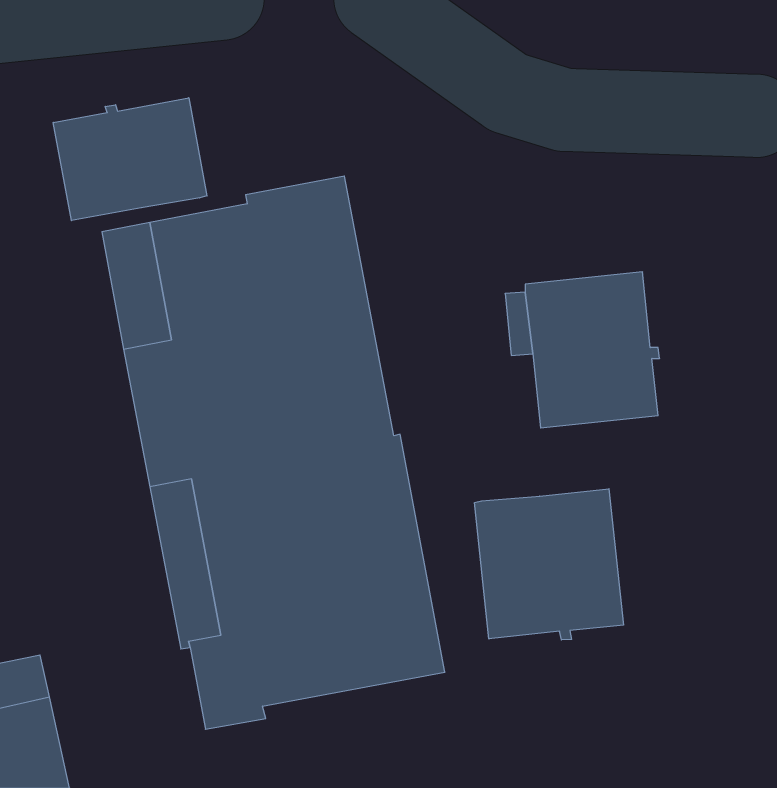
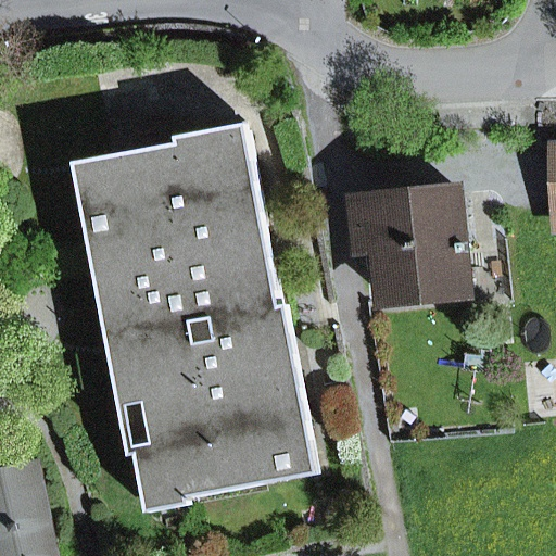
building: [53,98,207,221] -> none
building: [475,489,623,640] -> none

